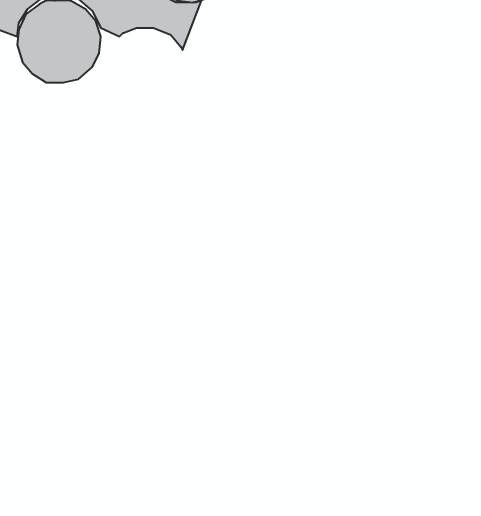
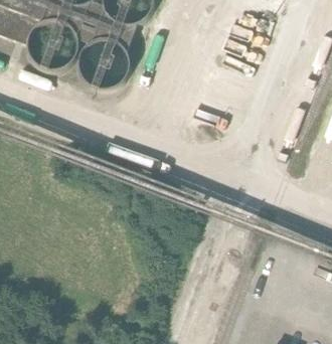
building: none -> [77,37,127,87]

